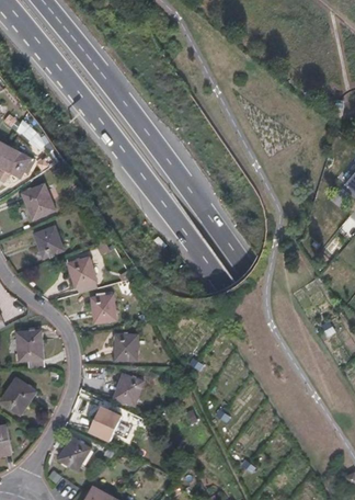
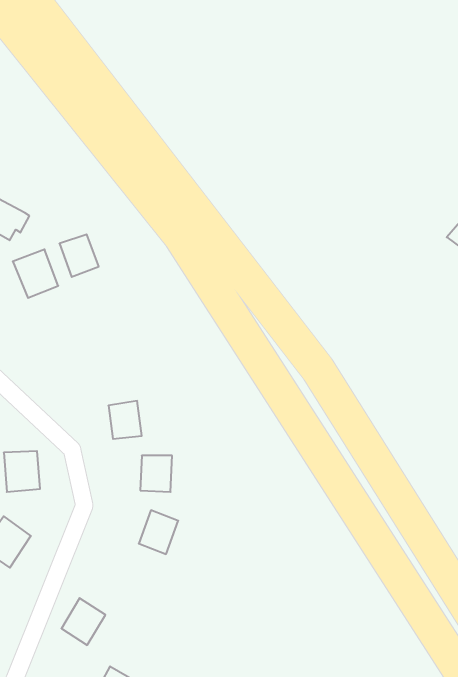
building: [34,227,62,258] -> [59,234,99,277]
building: [67,257,95,287] -> none
building: [89,406,121,439] -> none

